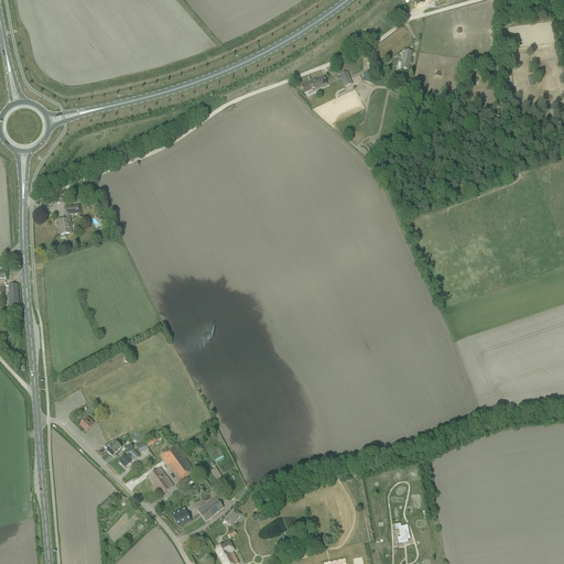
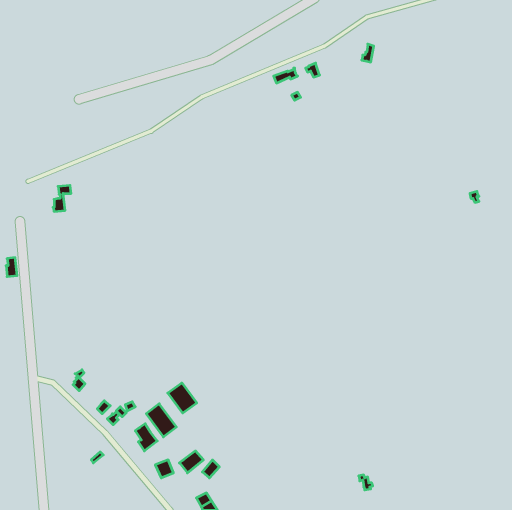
building: none -> [168,383,197,413]

